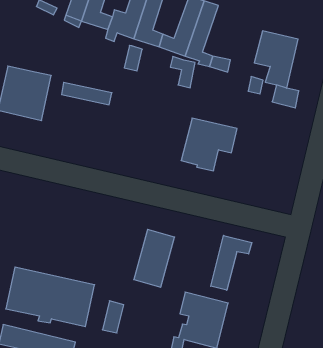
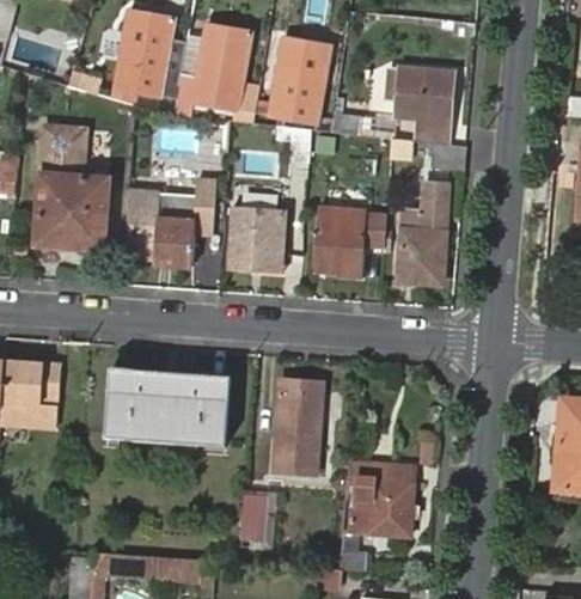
building: none -> [42,134,85,179]
building: none -> [228,206,285,271]
building: none -> [154,220,195,269]
building: none -> [397,182,451,281]
building: [211,235,252,290] -> none
building: [6,267,95,327] -> [108,368,230,440]

